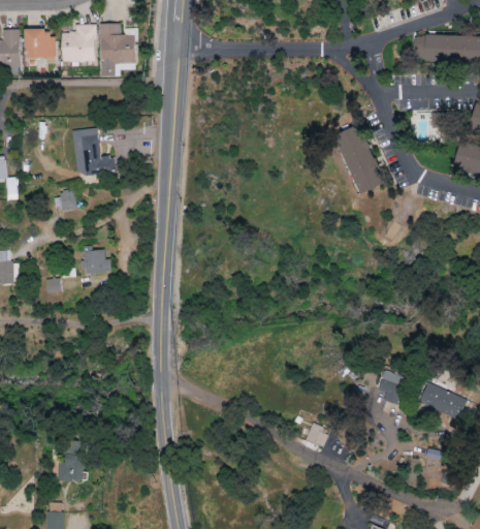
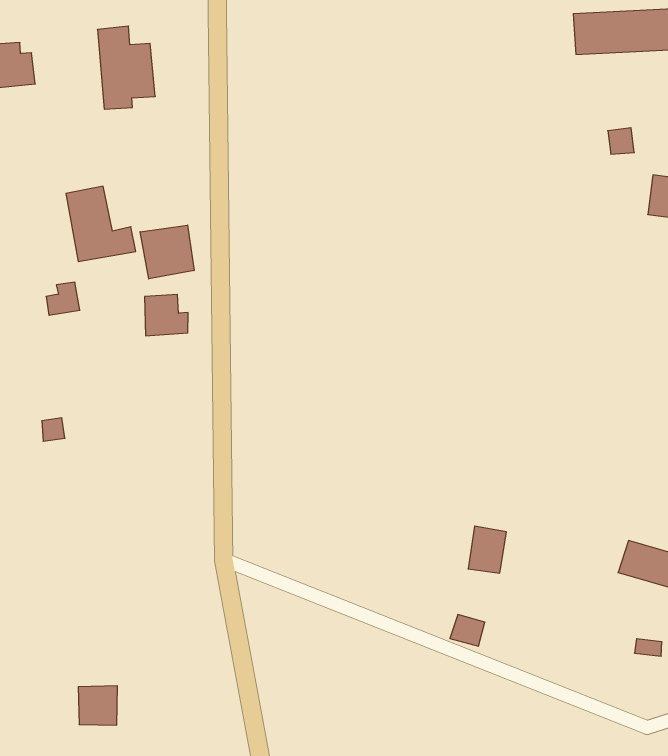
building: [62,24,96,62] -> none
building: [337,125,384,193] -> none
building: none -> [140,225,194,279]
building: [83,247,111,273] -> [145,294,188,336]
building: [378,371,405,403] -> [468,526,506,573]

